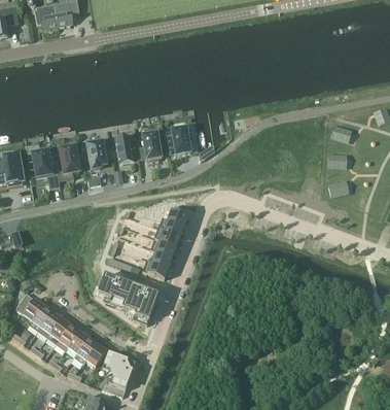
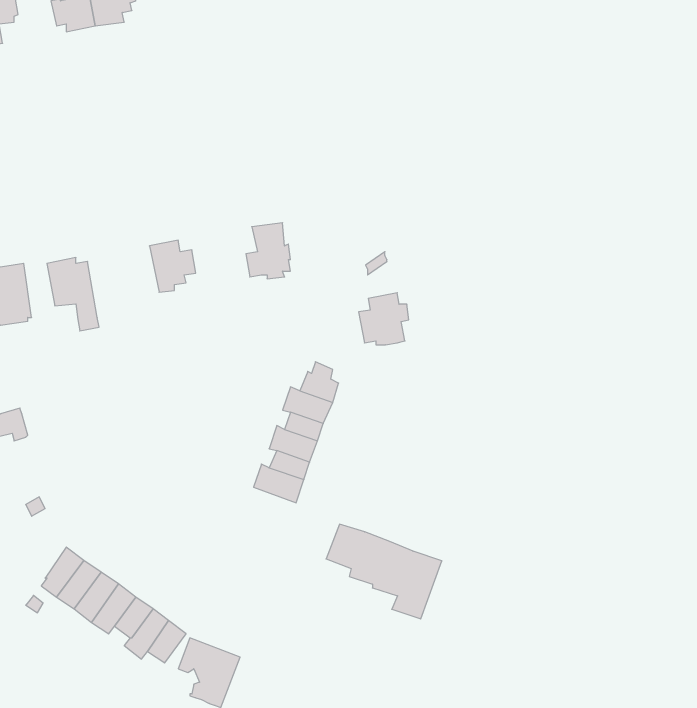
building: [166,125,192,152] -> [359,293,409,345]
building: [114,135,139,163] -> none
building: [60,144,83,172] -> none
building: [97,274,158,324] -> [326,524,442,619]
building: [15,292,42,319] -> none

